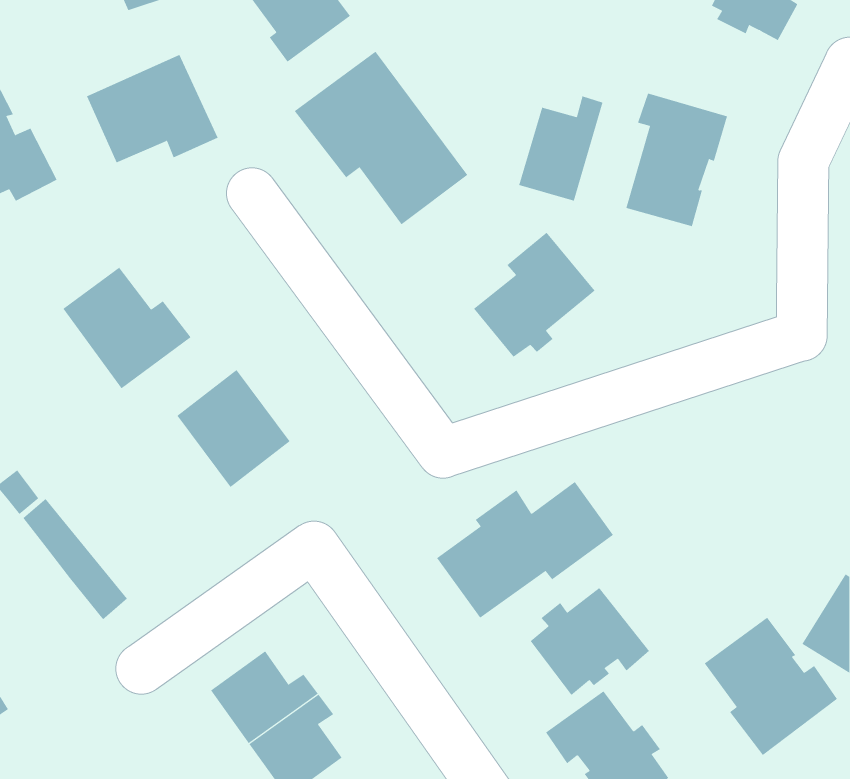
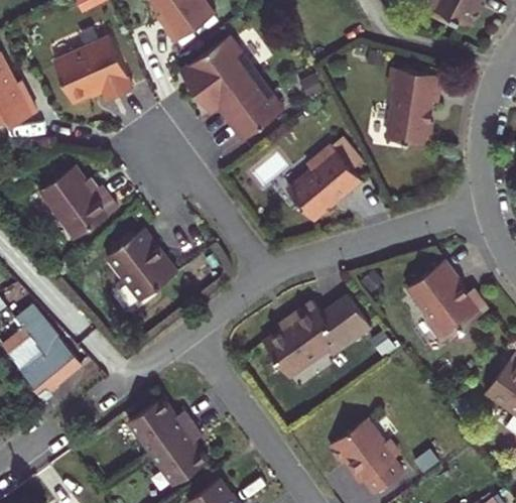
building: [519,95,603,202] -> none
building: none -> [18,335,63,401]
building: [530,587,650,696] -> none
building: [704,617,838,756] -> [407,258,488,342]

